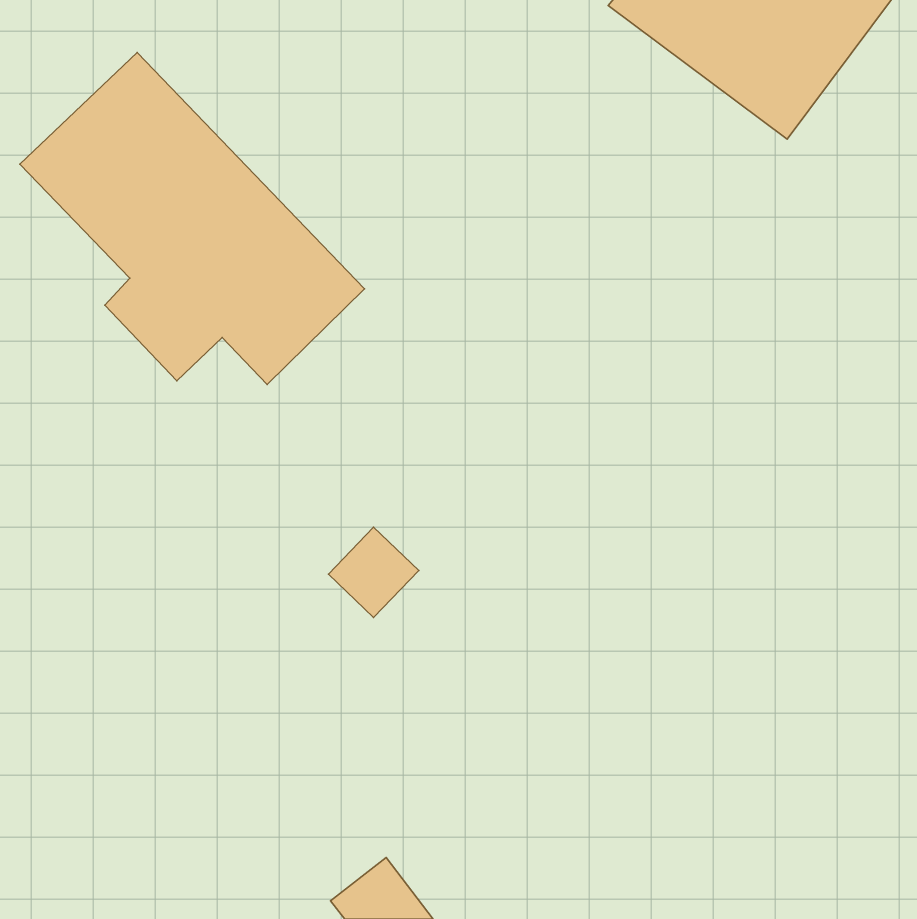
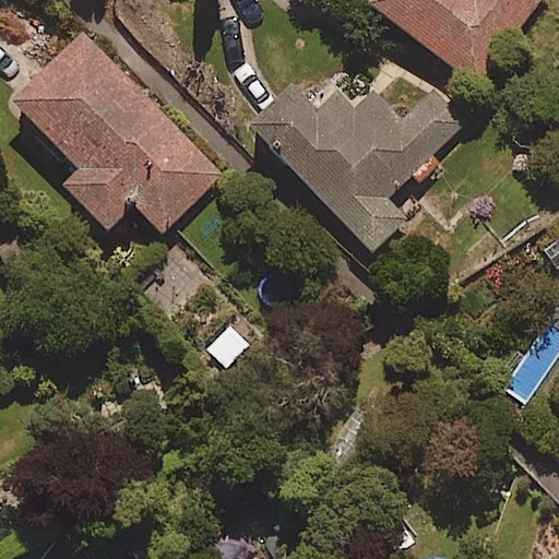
building: none -> [255,66,462,250]

